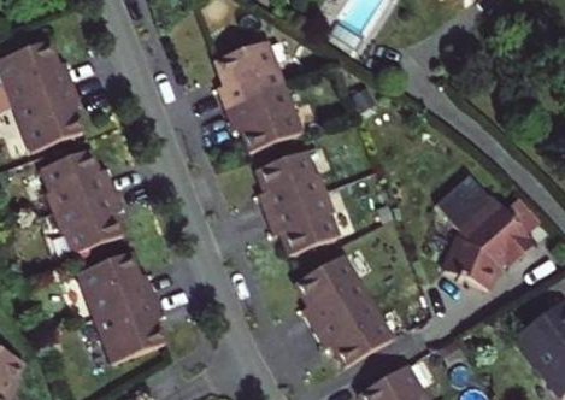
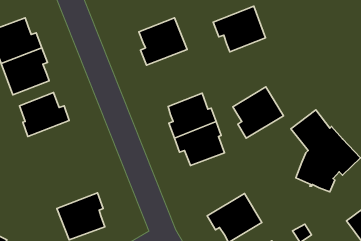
building: [224,86,300,152] -> [213,6,265,52]
building: [52,189,123,253] -> none
building: [77,252,153,317] -> none
building: [293,253,366,328] -> [233,87,283,138]

